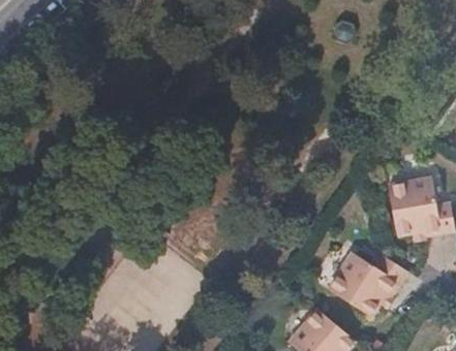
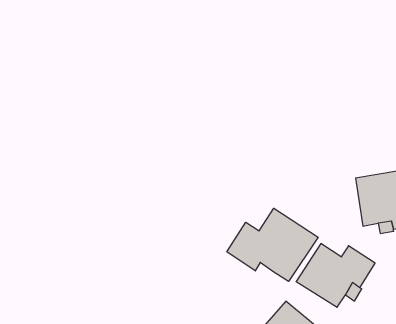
building: none -> [227,208,318,281]

